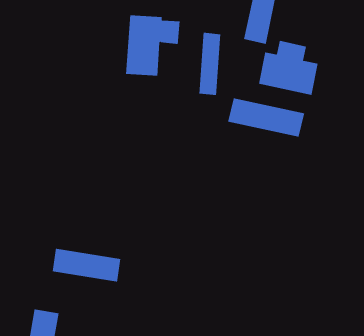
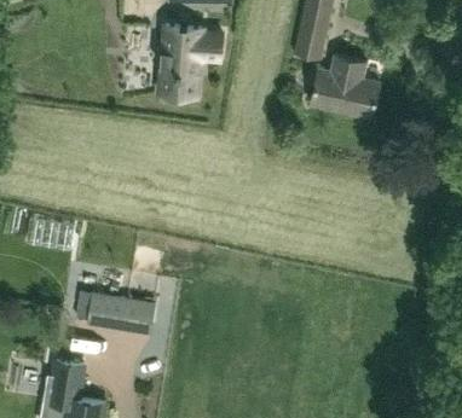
building: [199,32,221,96] -> none
building: [228,98,305,137] -> none

